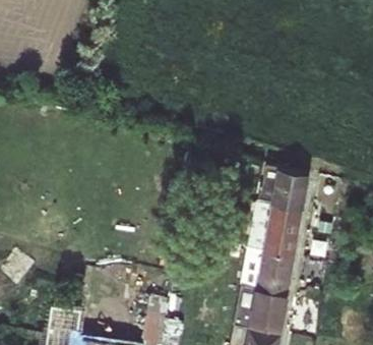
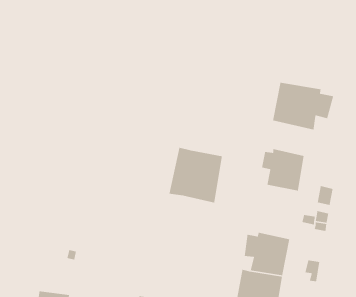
building: none -> [272,82,334,130]
building: [251,202,305,257] -> [168,147,223,203]

